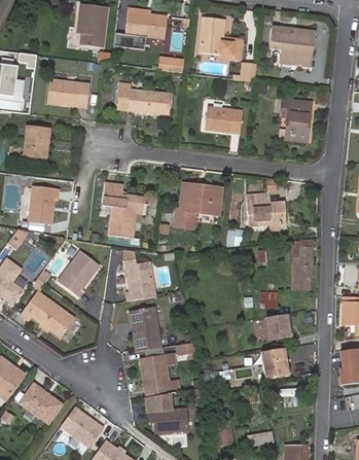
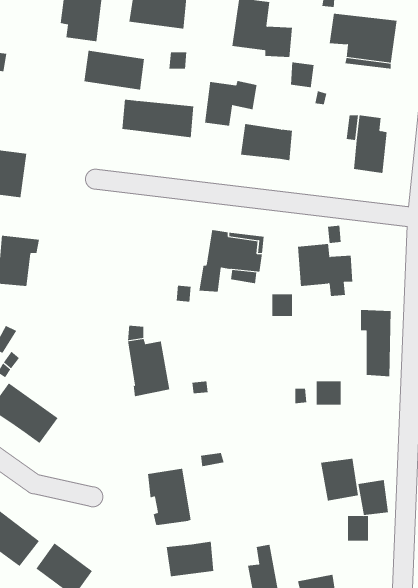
building: none -> [204,80,257,127]
building: [46,79,91,108] -> [83,50,145,90]
building: [102,181,149,238] -> none
building: [57,249,99,295] -> none
building: [130,308,161,351] -> none
building: [267,313,290,339] -> [357,480,389,515]
building: [145,392,170,411] -> none

